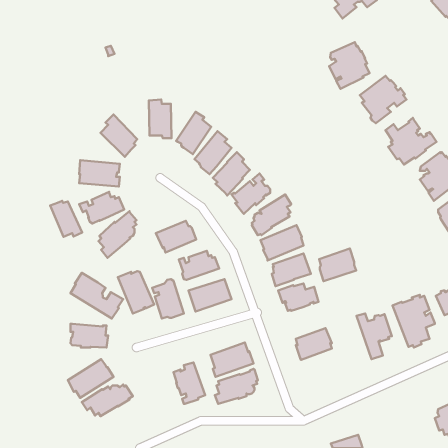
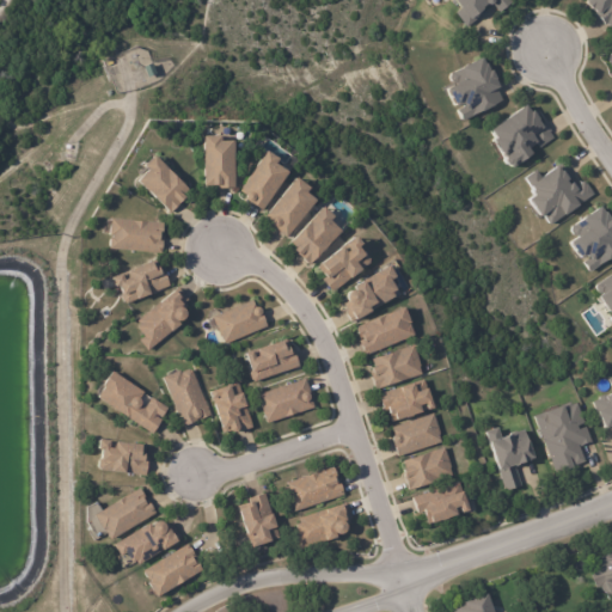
building: [50,201,82,237] -> none
building: [319,249,356,281] -> [393,412,443,457]
building: none -> [414,489,471,525]
building: none -> [143,543,203,598]

